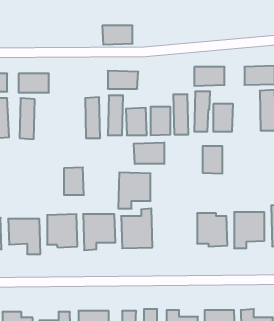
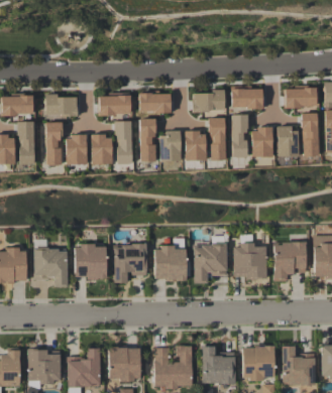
building: [102,26,133,45] -> [98,96,130,116]
building: none -> [193,92,224,112]
building: none -> [65,135,86,164]
building: [134,142,164,164] -> none
building: [203,146,222,174] -> [276,128,298,157]
building: [64,167,84,195] -> [91,135,112,164]
building: [118,172,151,209] -> [193,245,227,283]

